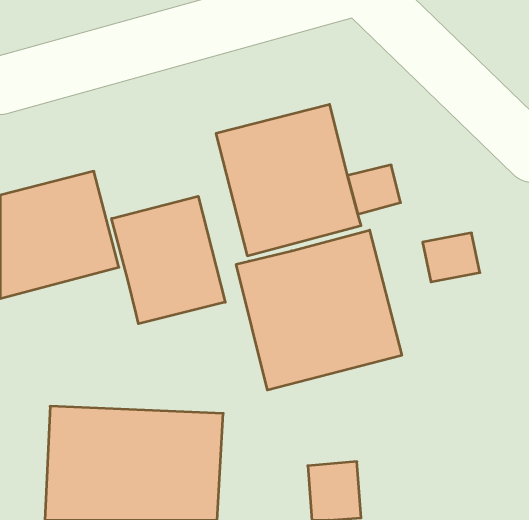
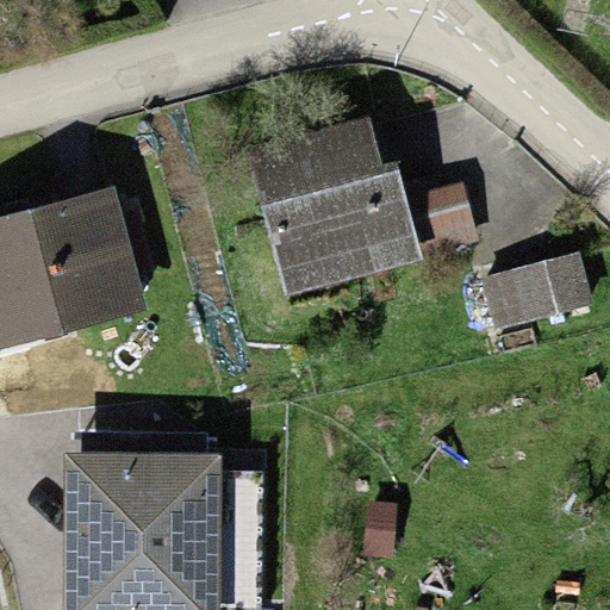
building: [112,196,225,324] -> none
building: [236,230,402,390] -> none

